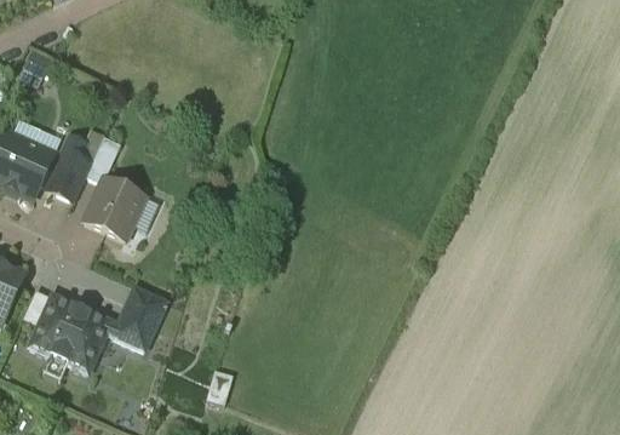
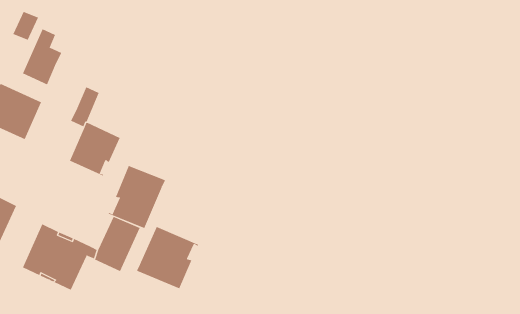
building: [47,136,93,201] -> [22,29,62,85]
building: none -> [107,165,165,229]
building: none -> [136,226,200,289]

